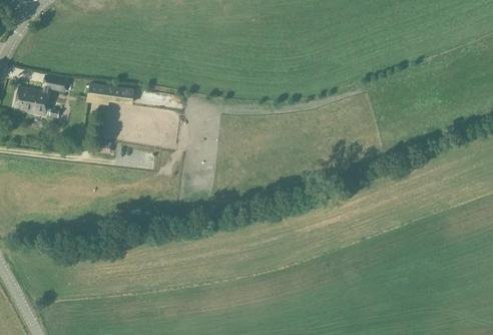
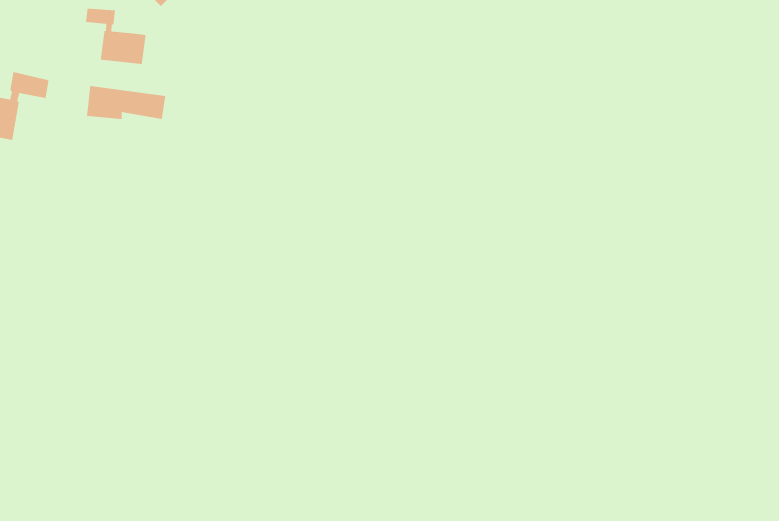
building: none -> [85,8,146,65]

